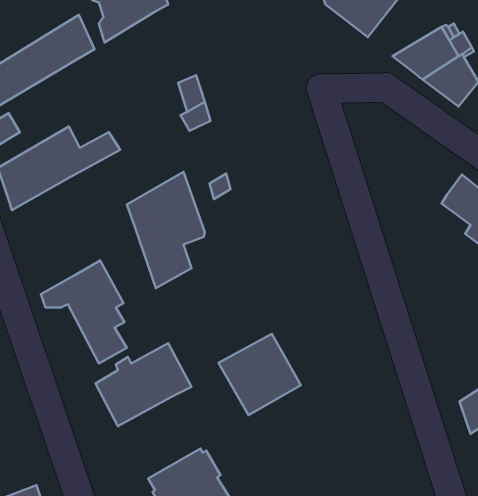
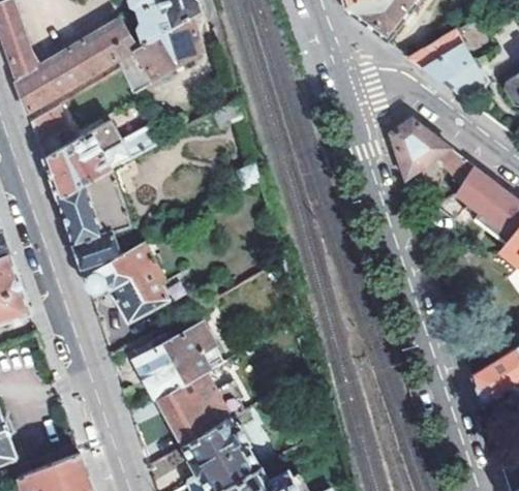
building: none -> [111,16,201,96]
building: none -> [389,119,472,185]
building: [127,172,205,288] -> [56,170,128,277]
building: [218,334,301,415] -> [154,372,231,448]

